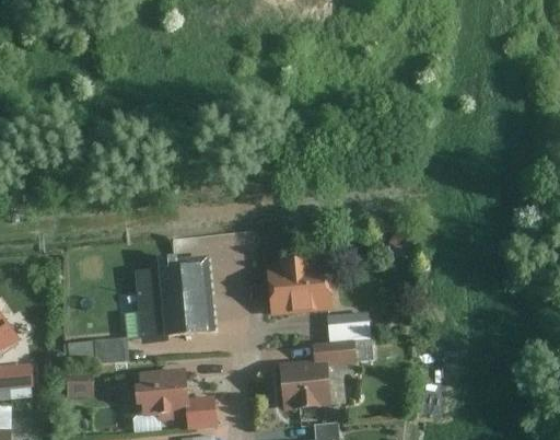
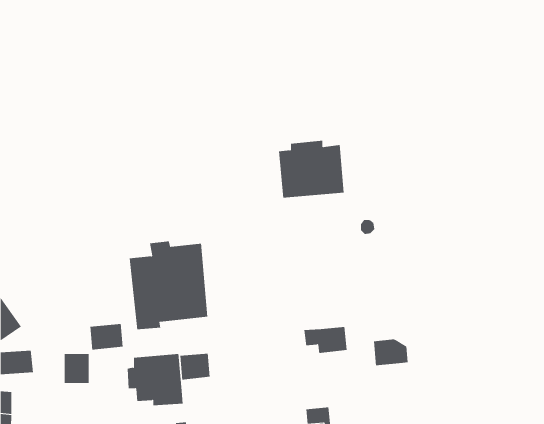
building: [265,255,332,314] -> [278,140,345,198]
building: [326,313,362,340] -> [373,339,408,366]
building: [278,357,330,409] -> none
building: [187,402,219,429] -> [179,353,211,380]

